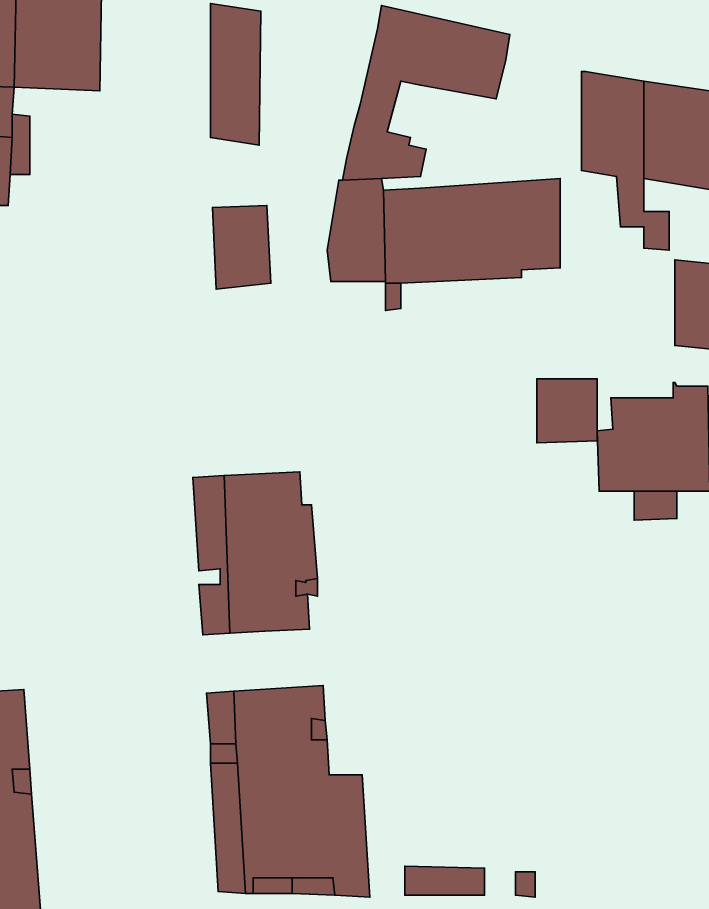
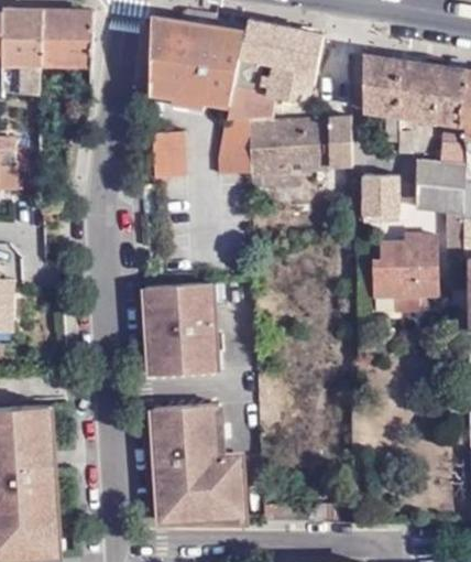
building: none -> [179,21,247,105]
building: none -> [264,63,314,104]
building: [537,379,597,443] -> [361,179,395,215]

